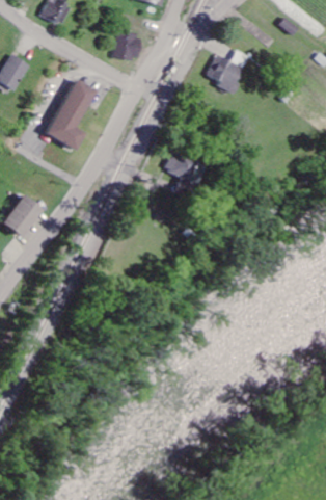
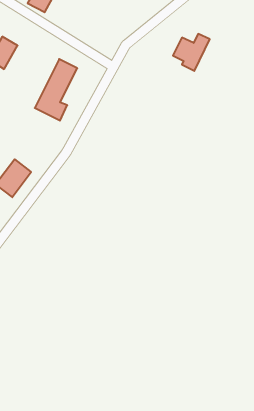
building: [116,32,143,59] -> none
building: [164,151,203,183] -> none

